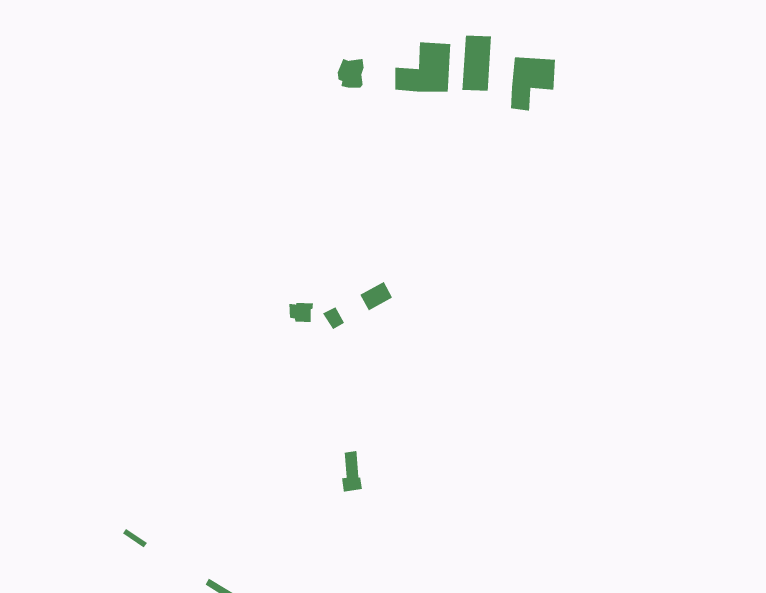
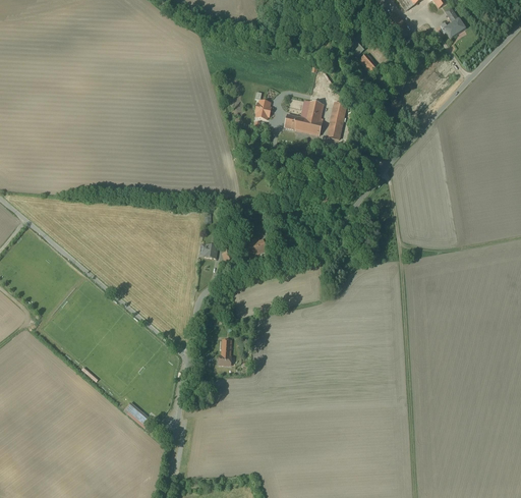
building: [510,57,556,112] -> none

